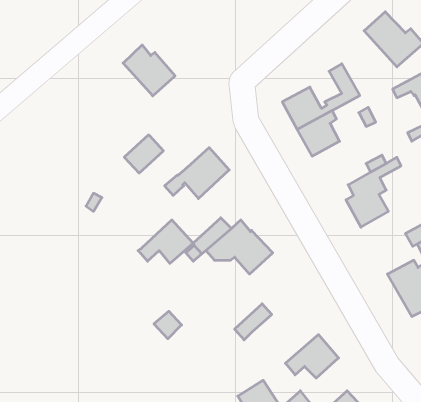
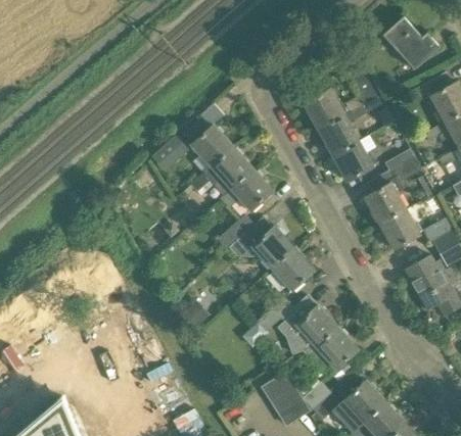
building: [123,45,175,96] -> [184,117,234,166]
building: none -> [333,141,374,182]
building: none -> [380,208,421,249]
building: [138,220,193,263] -> [221,168,274,210]
building: none -> [273,248,315,290]
building: none -> [279,303,339,354]

